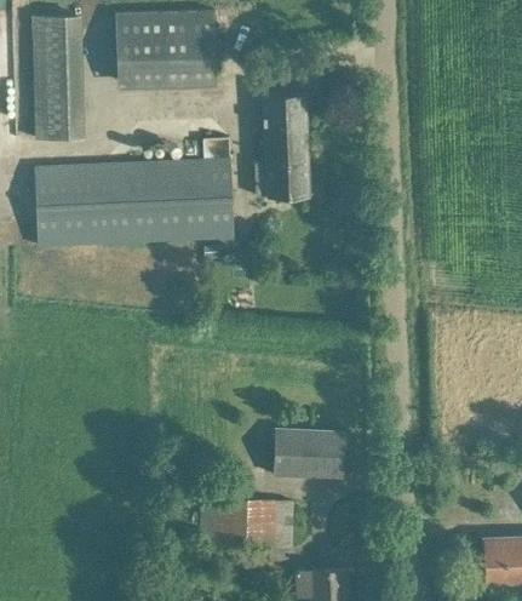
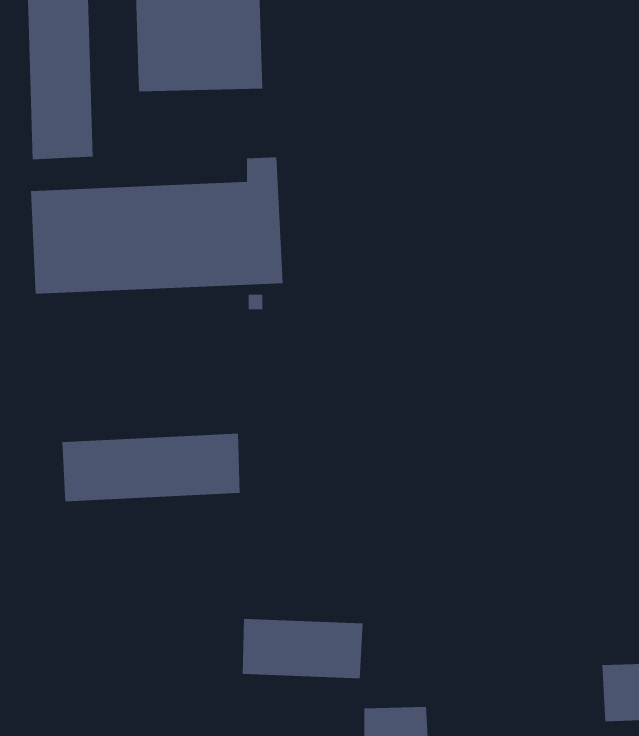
building: [256,93,310,198] -> none
building: none -> [62,433,240,502]
building: [274,430,345,477] -> none

